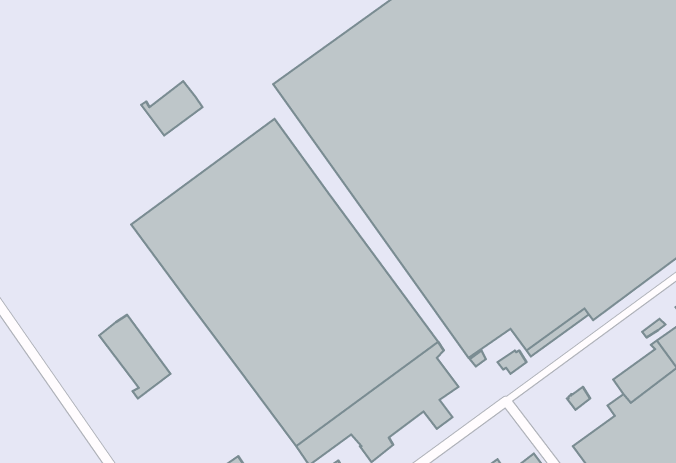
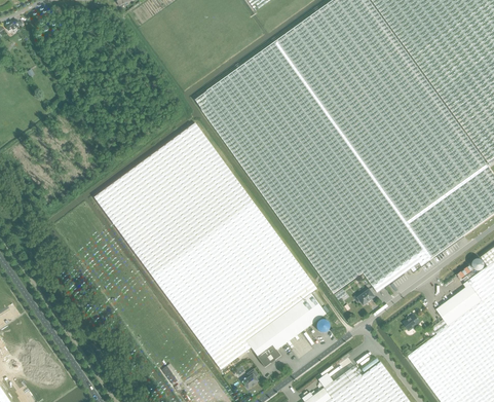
building: [141,81,202,135] -> none
building: [99,315,171,399] -> none

